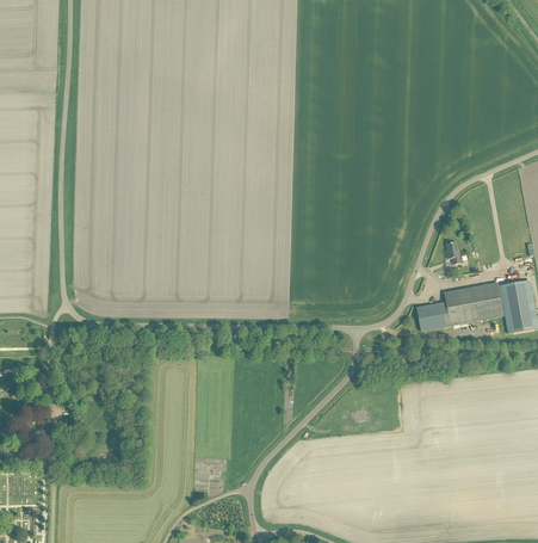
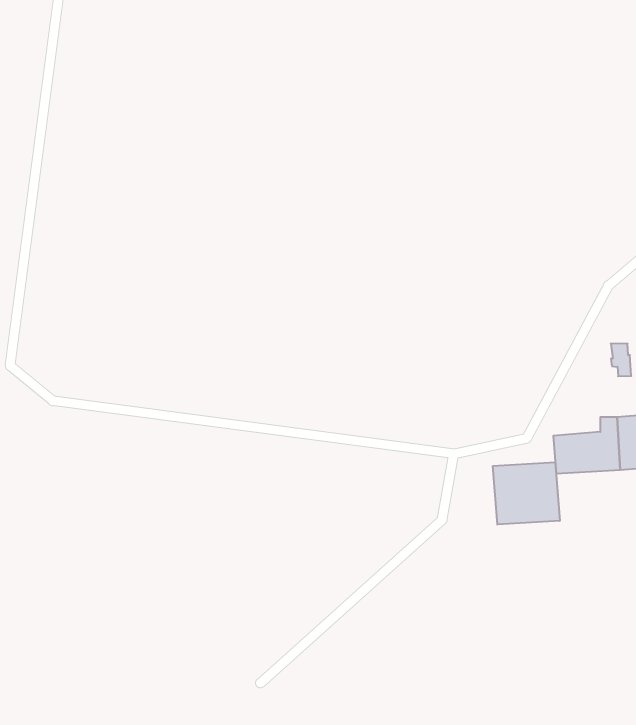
building: none -> [493,462,560,525]

